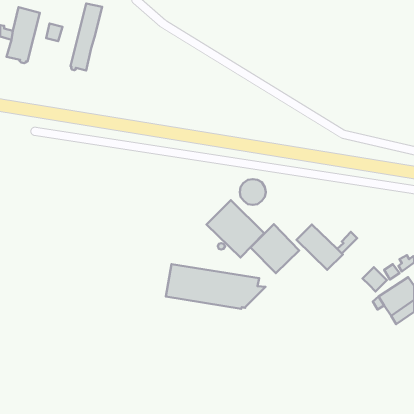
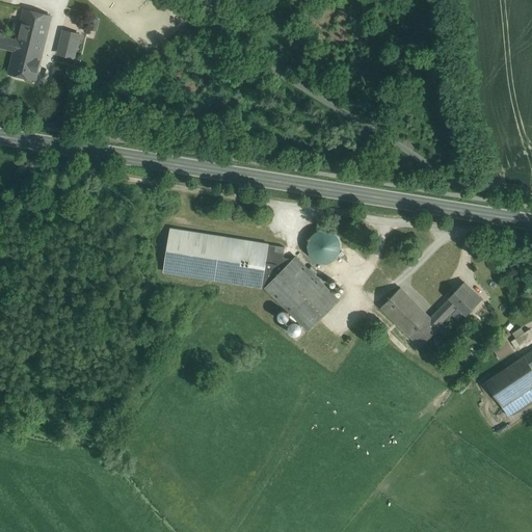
building: [70,3,102,71] -> none
building: [250,224,299,273] -> none
building: [166,264,265,309] -> [165,230,293,287]
building: [363,267,387,291] -> [450,283,481,314]

